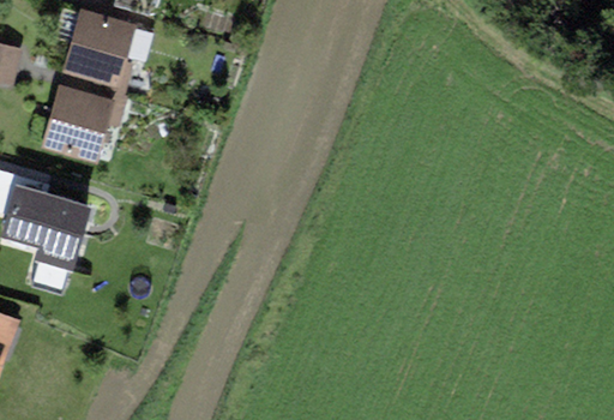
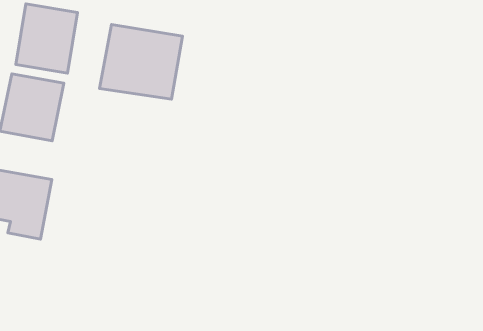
building: none -> [100,24,183,99]

